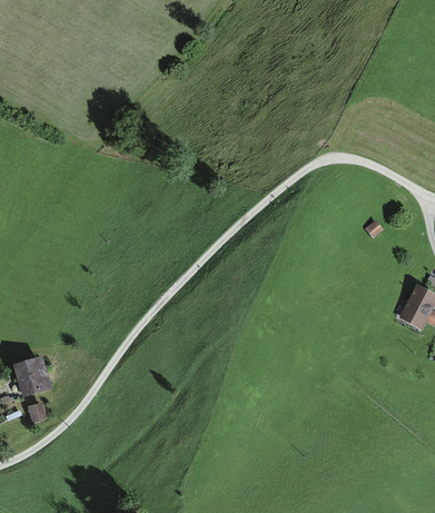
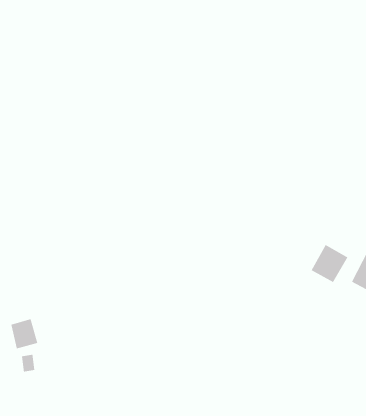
building: none -> [311,244,348,283]

